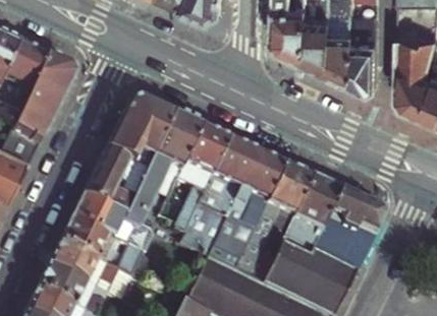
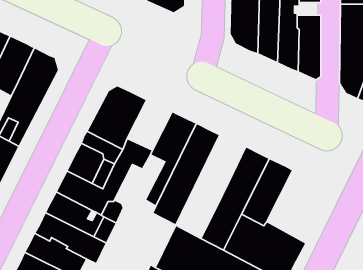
building: [153,116,204,173] -> none
building: [208,155,287,272] -> none
building: [311,195,384,277] -> none

